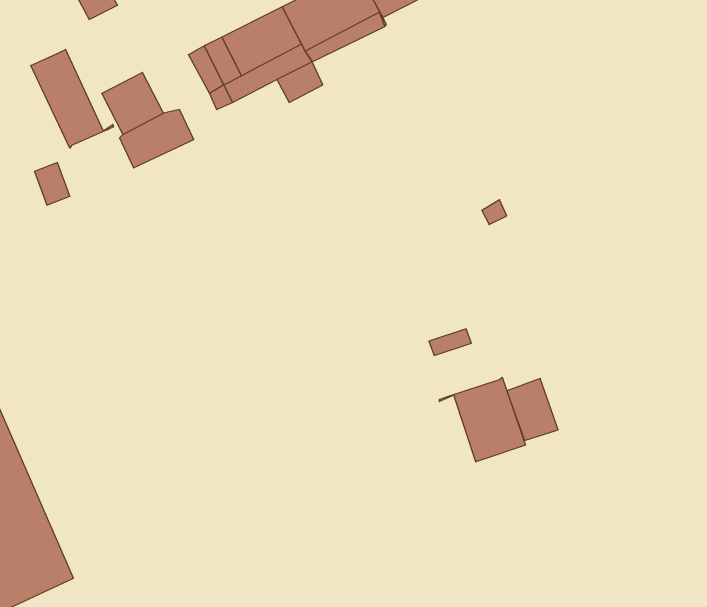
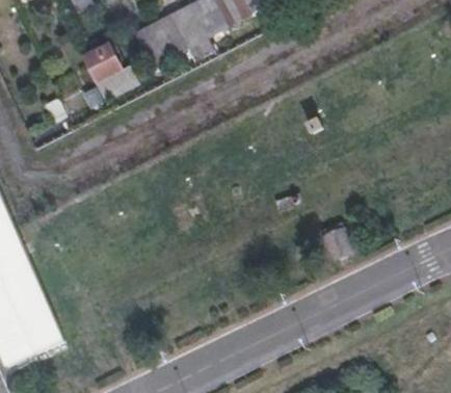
building: [31,49,113,148] -> none
building: [439,377,525,462] -> none

